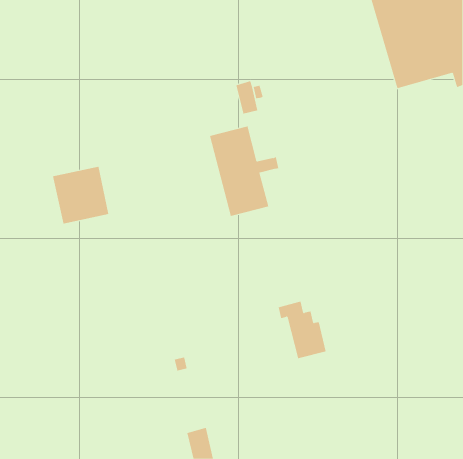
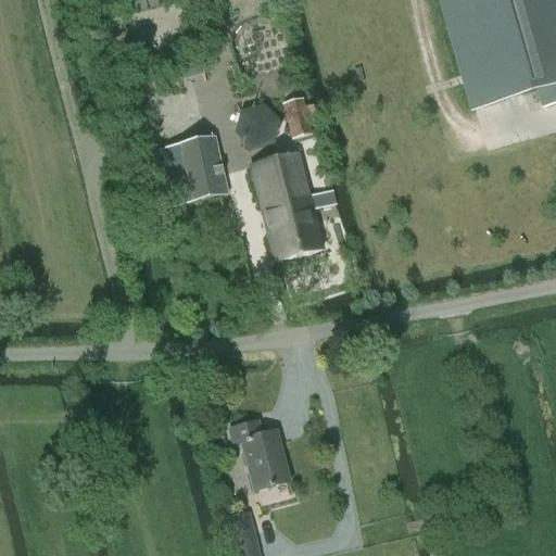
building: none -> [235,103,280,149]
building: [52,166,109,224] -> [159,135,227,204]
building: [278,301,327,359] -> [230,419,289,489]

